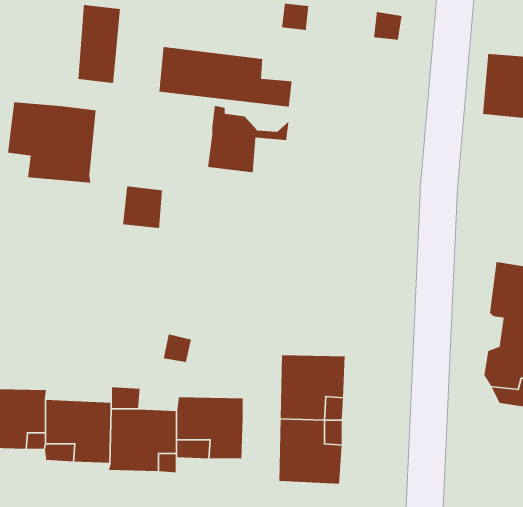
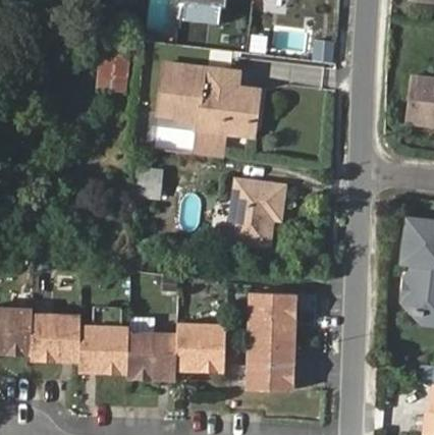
building: none -> [159,99,256,127]
building: [7,102,96,184] -> none
building: none -> [226,181,281,248]

